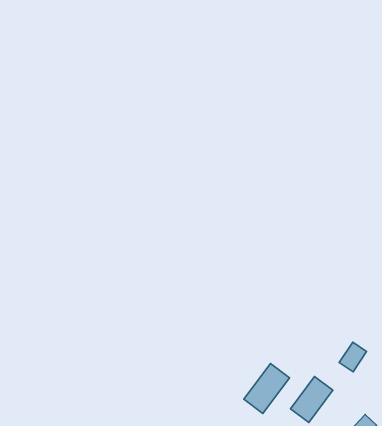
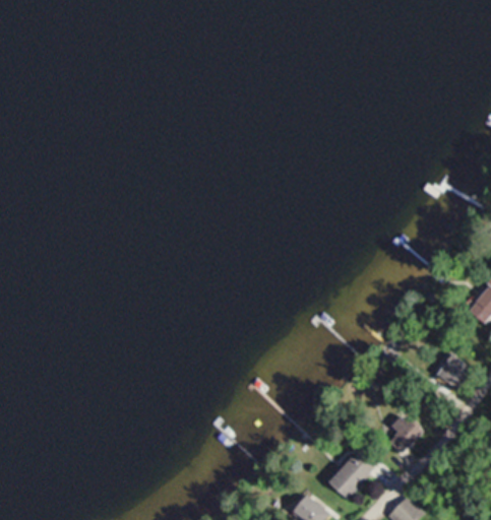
building: [244,363,290,413] -> none

